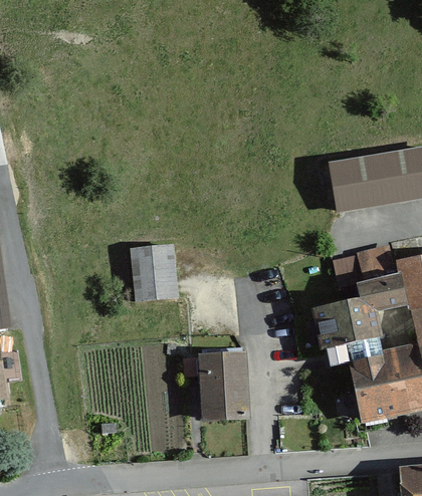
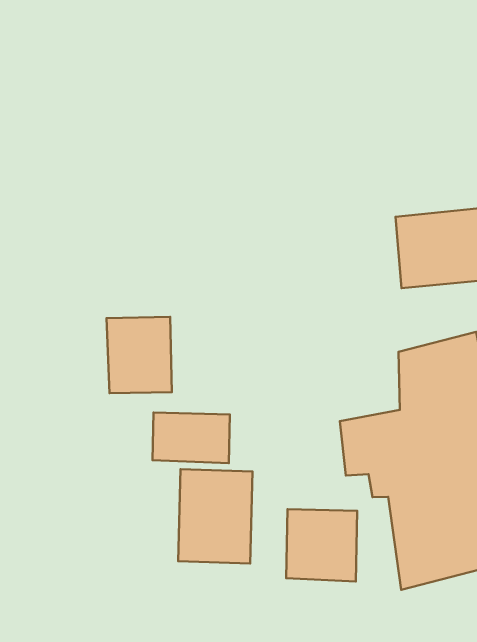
building: none -> [152,413,230,463]
building: none -> [286,509,357,582]

